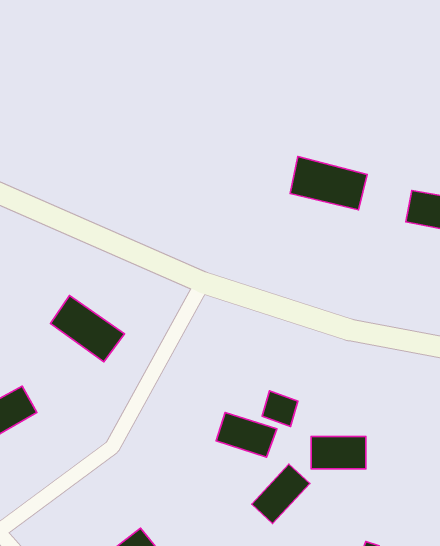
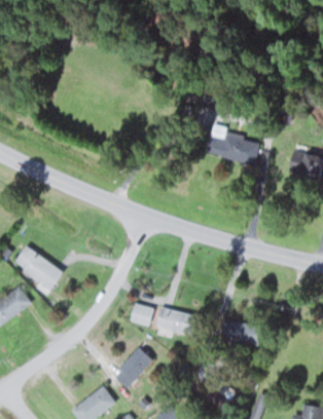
building: [50,295,124,362] -> [12,244,64,291]
building: [262,391,298,426] -> [130,302,154,327]
building: [252,464,310,523] -> [113,348,153,389]

